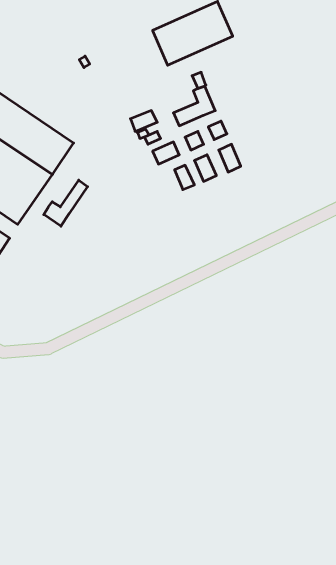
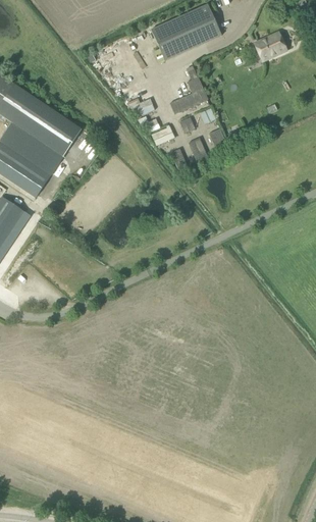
building: none -> [256,32,287,60]
building: [44,180,88,226] -> none

